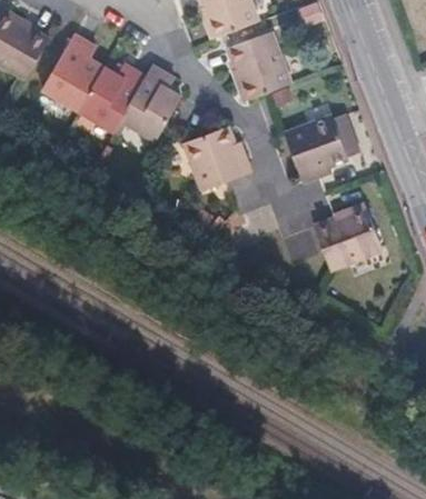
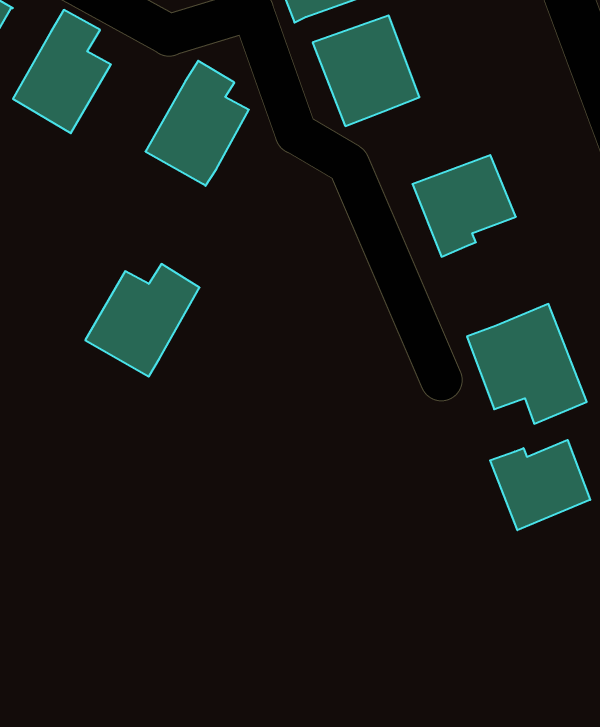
building: [76,59,146,128] -> [85,264,200,377]
building: [186,124,254,191] -> none
building: none -> [490,440,590,530]

